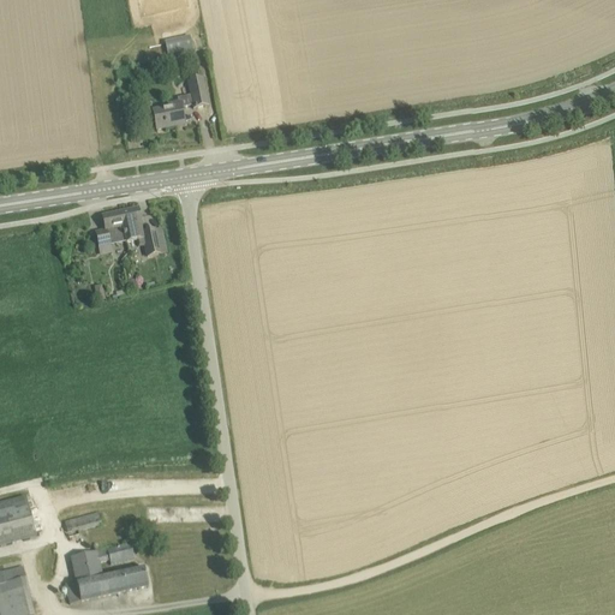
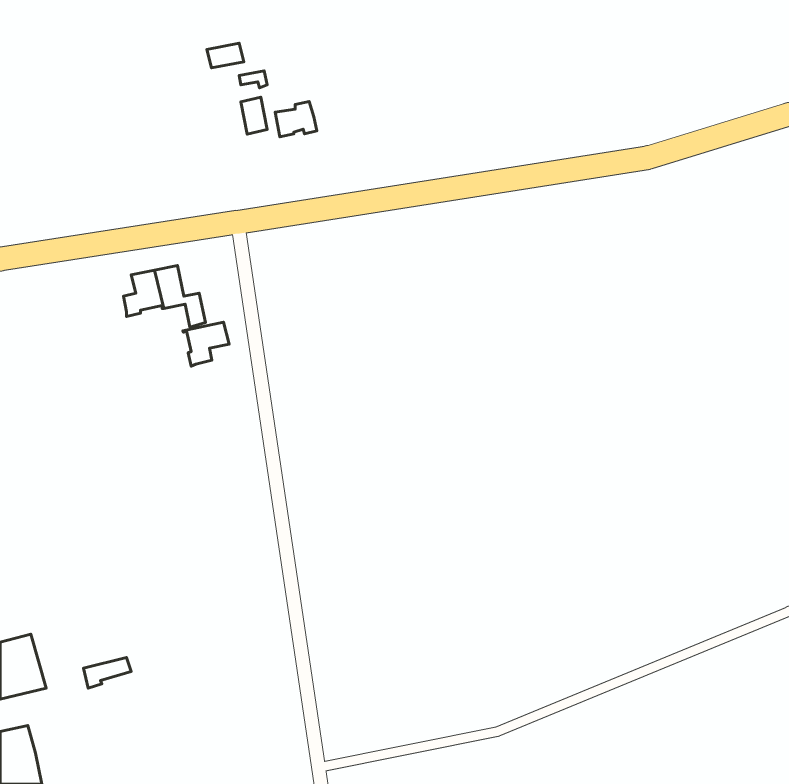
building: [153,100,185,127] -> [275,101,317,137]
building: none -> [183,322,229,366]
building: [65,542,148,603] -> none

